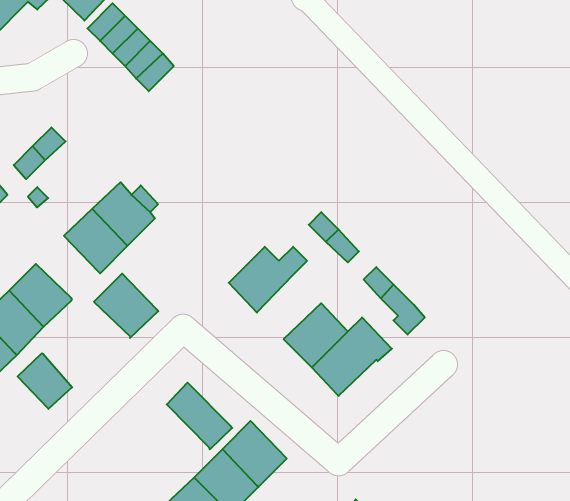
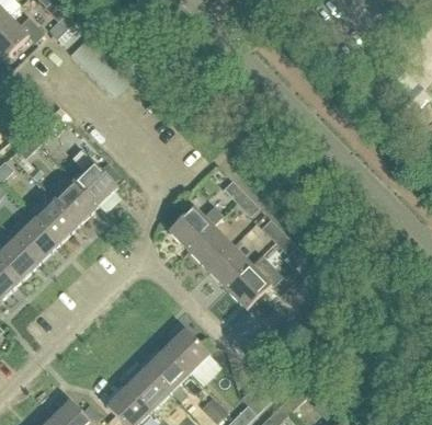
building: [94,274,158,338] -> [33,198,78,243]
building: none -> [187,226,232,271]
building: [18,354,72,409] -> none
building: [167,383,232,449] -> none

